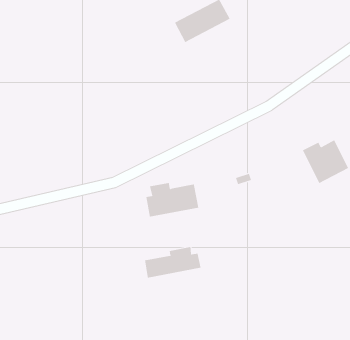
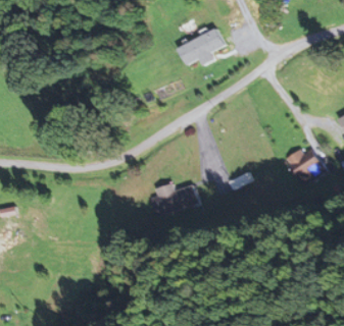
building: [144,246,201,279] -> none

